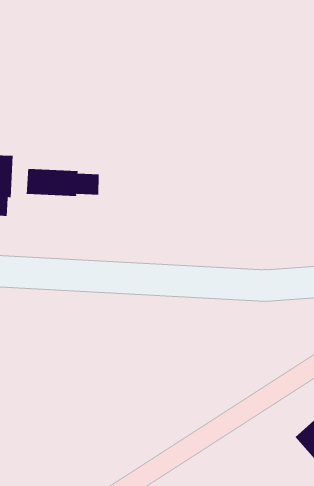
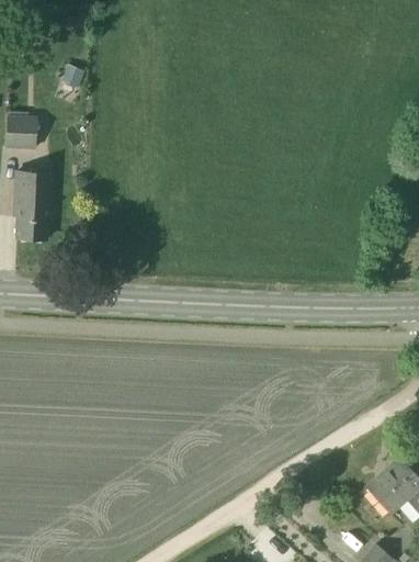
building: [26,168,99,197] -> none

